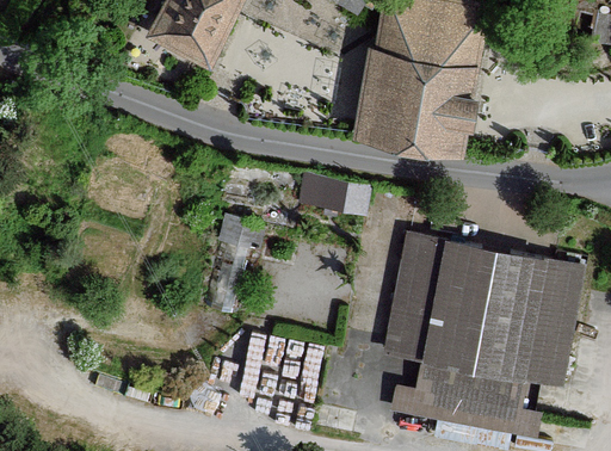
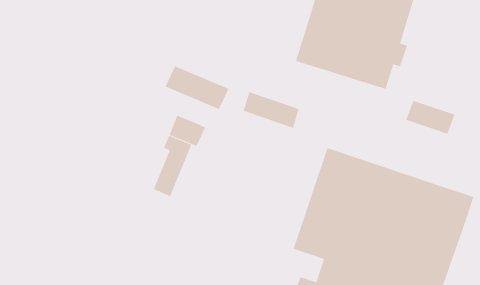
building: none -> [165,65,229,110]
building: none -> [406,100,455,134]

